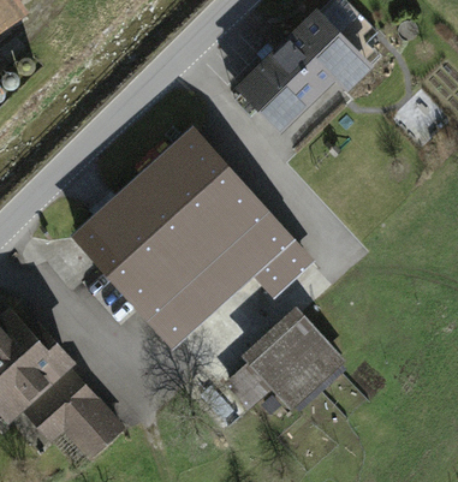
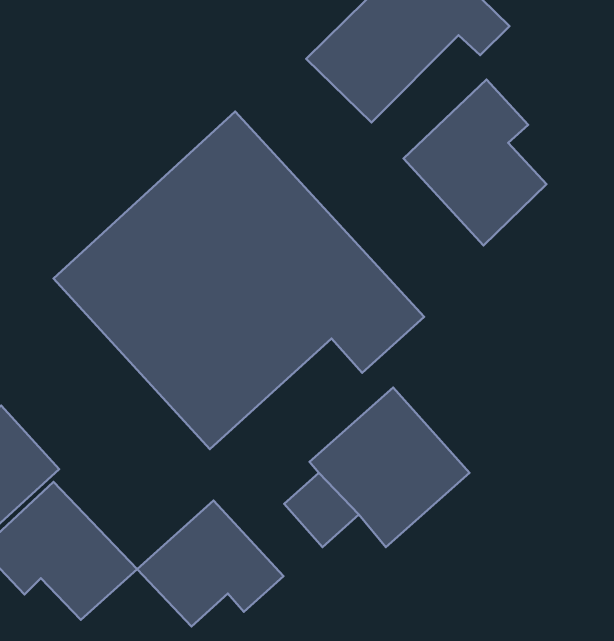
building: none -> [403,80,546,245]
building: none -> [137,500,284,627]

